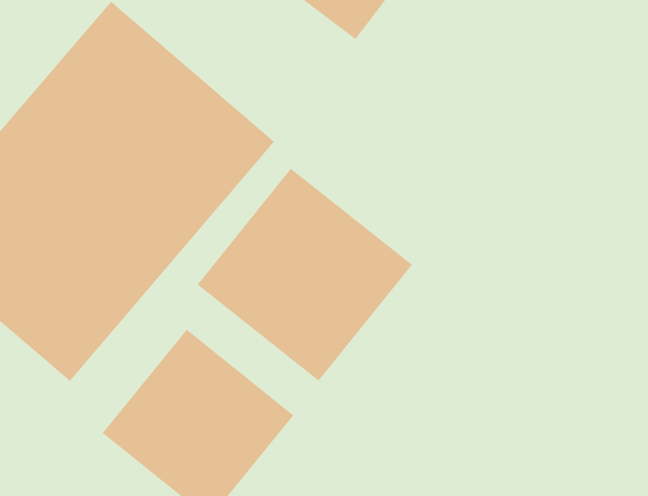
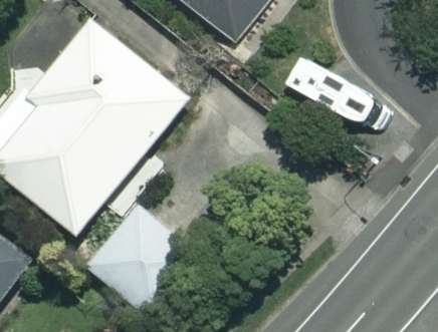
building: [197,168,413,382] -> none

